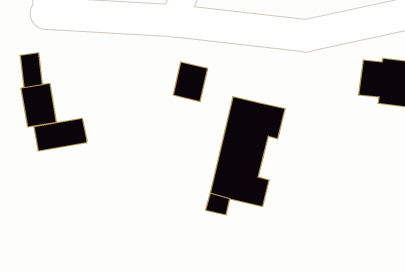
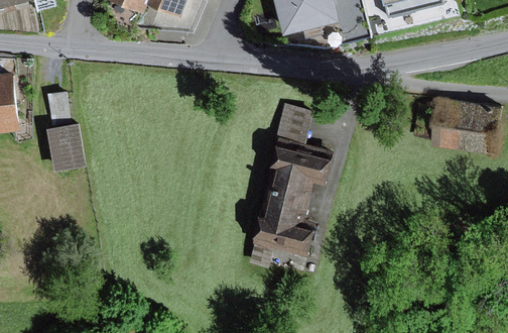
building: [173,62,208,101] -> [275,104,312,146]
building: [34,118,87,151] -> none

